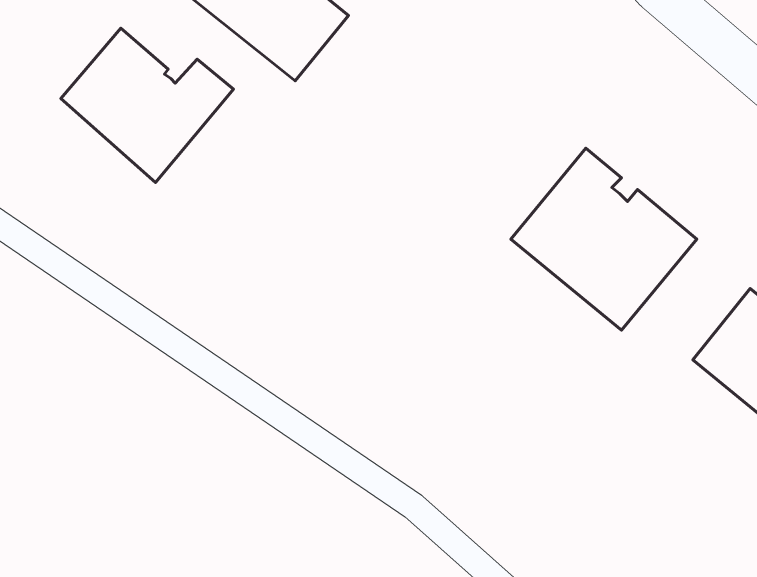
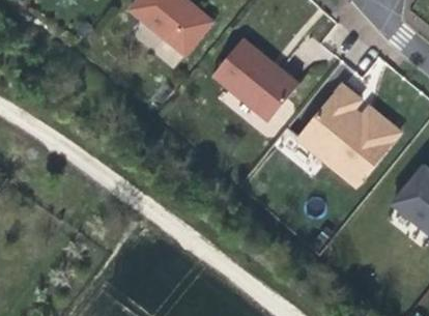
building: [61,28,234,182] -> none
building: none -> [213,37,299,120]

